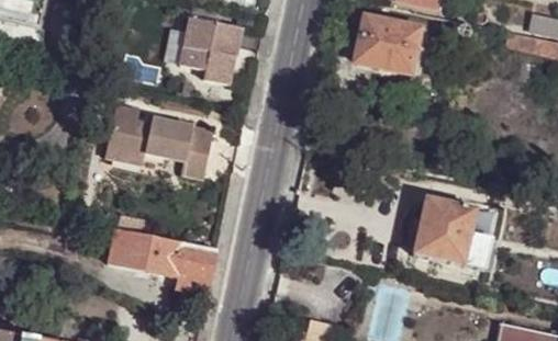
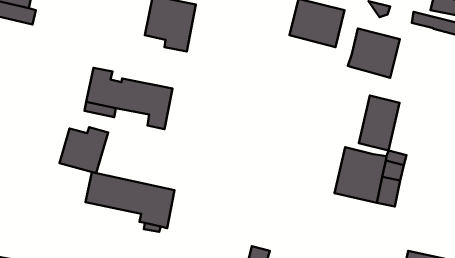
building: none -> [348,29,400,78]
building: none -> [359,96,400,151]
building: none -> [60,127,108,173]

